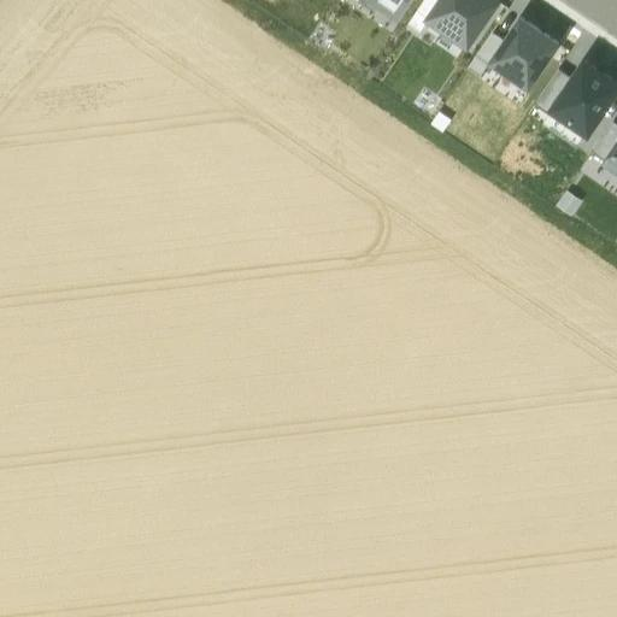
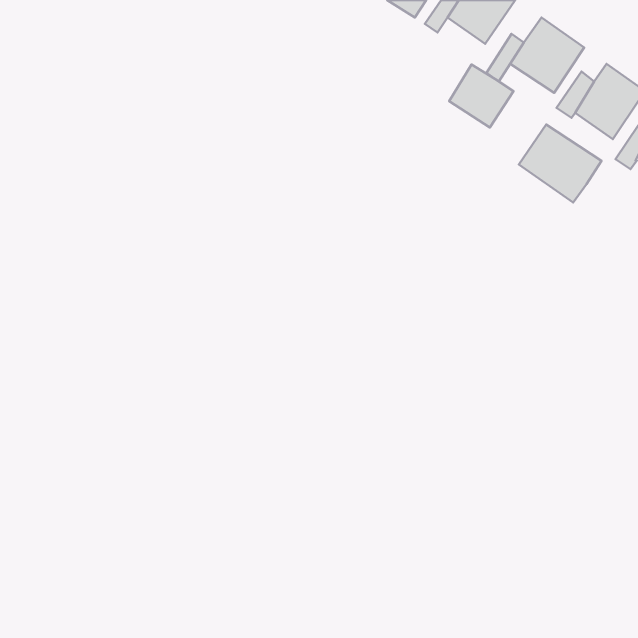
building: none -> [449,64,514,127]
building: none -> [519,124,601,203]

